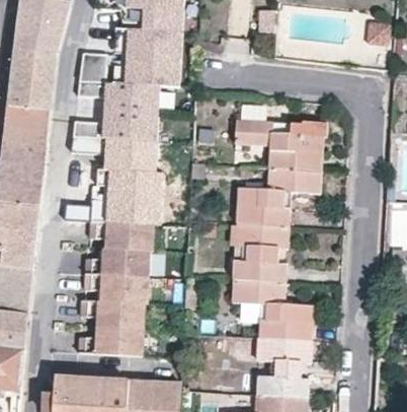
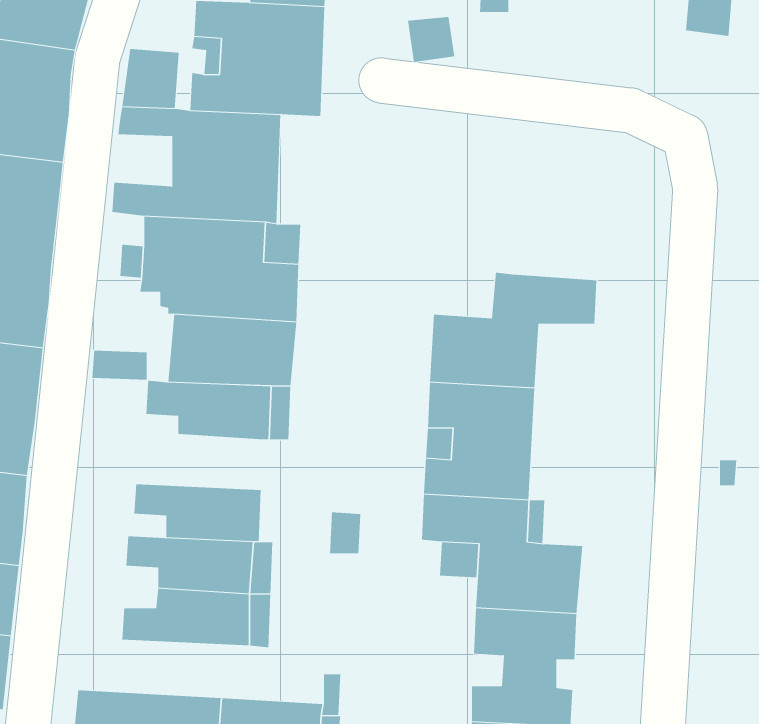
building: [234,120,322,169] -> none
building: [85,248,150,276] -> none

